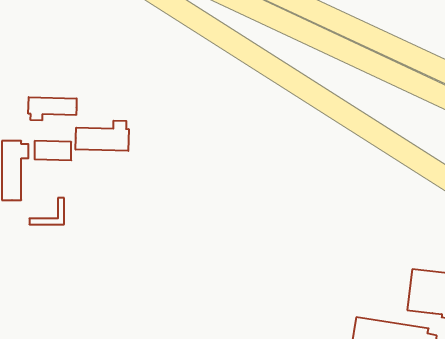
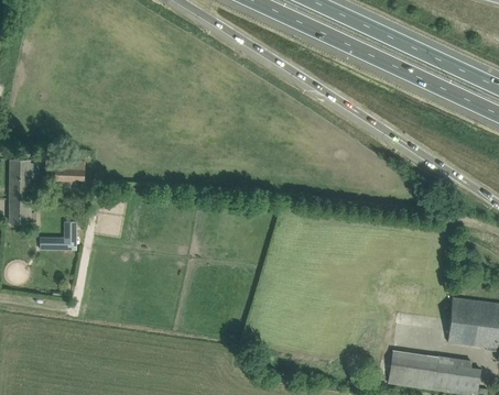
building: [28,97,77,120] -> none
building: [76,121,129,151] -> none

